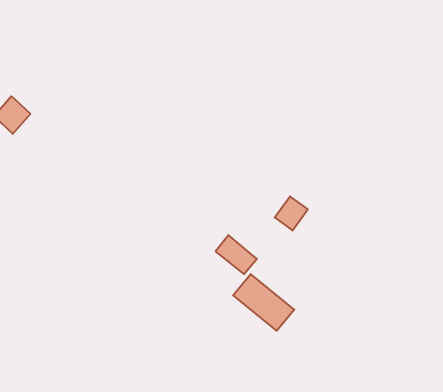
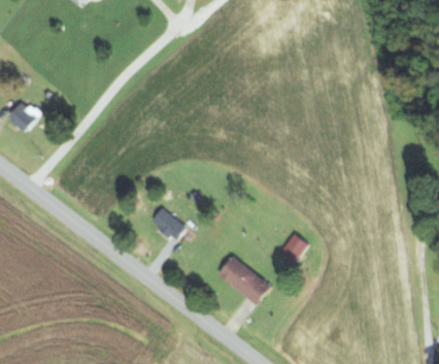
building: [275,196,308,231] -> [279,233,308,263]
building: [216,235,257,274] -> [149,207,185,241]

